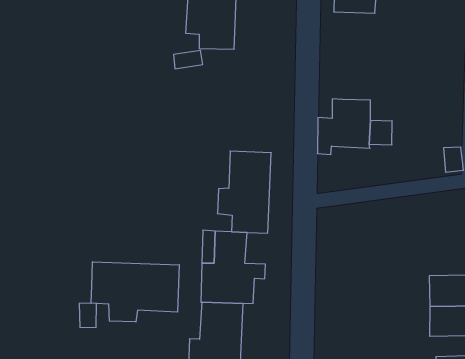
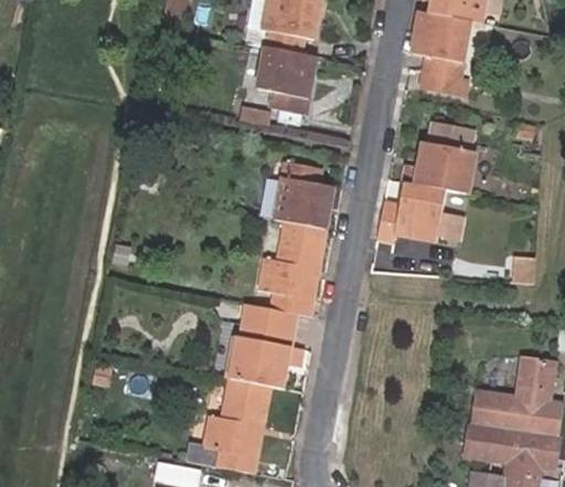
building: none -> [414,128,477,194]
building: none -> [273,161,335,230]
building: [91,262,179,322] -> none

